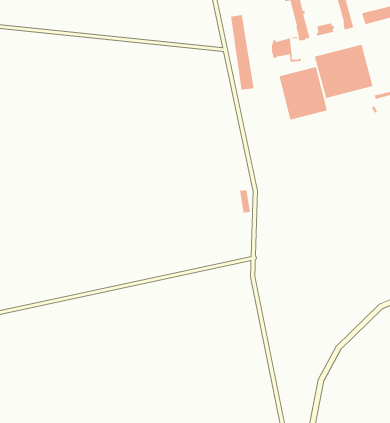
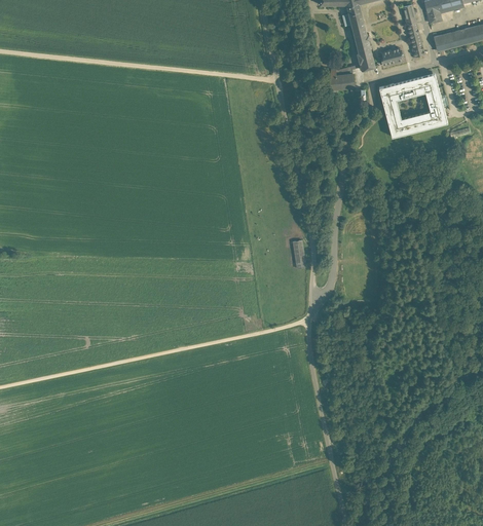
building: [230,14,255,91] -> none
building: [279,66,328,121] -> none

